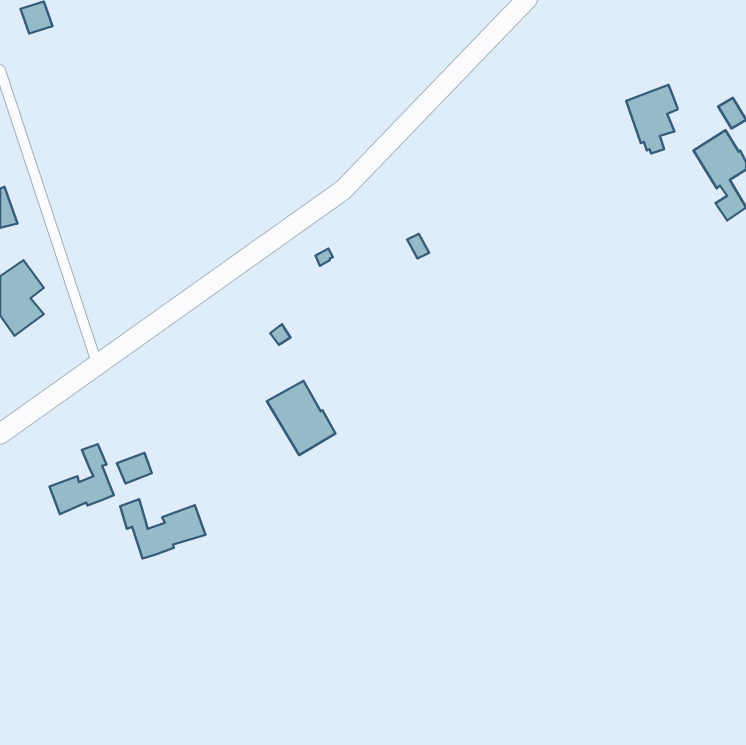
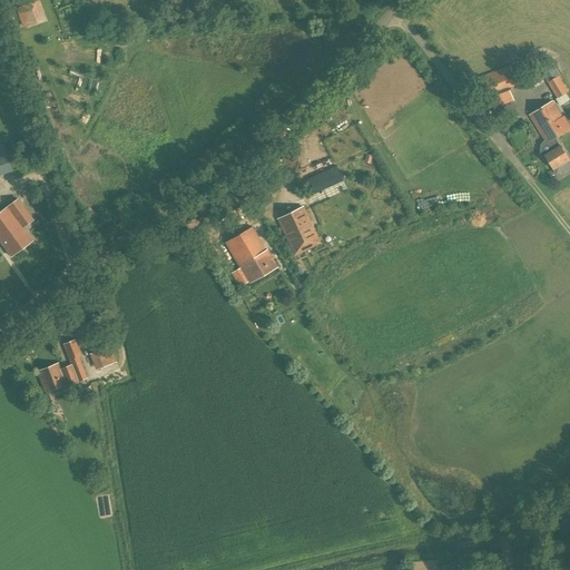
building: none -> [277,206,320,254]
building: [267,381,336,455] -> [225,226,277,283]
building: [120,499,205,559] -> none

